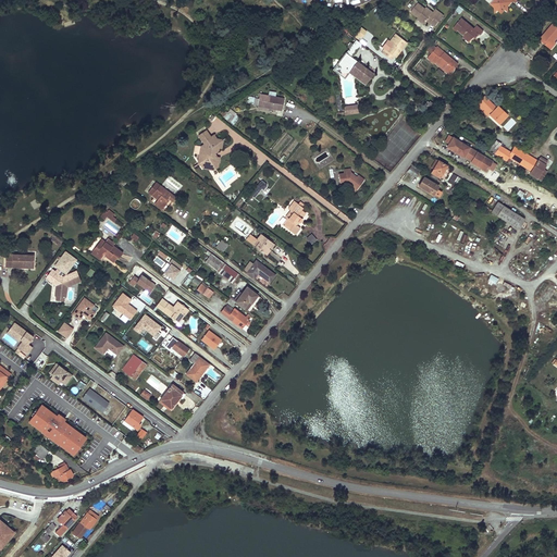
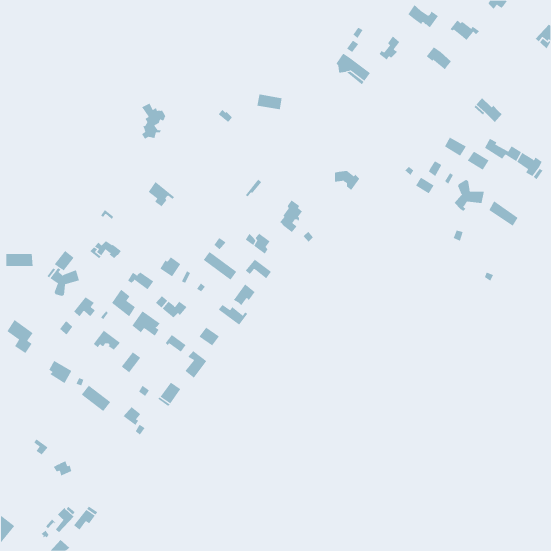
building: [200,132,225,169] -> [141,103,166,139]
building: none -> [454,179,485,212]
building: [27,404,87,456] -> none

